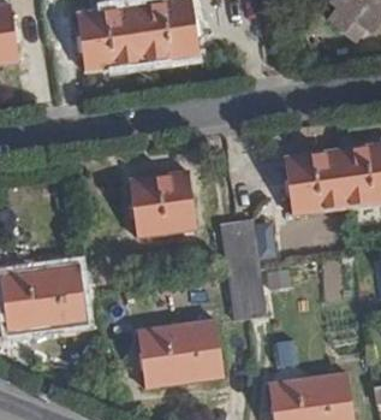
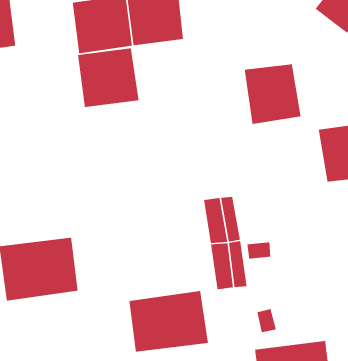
building: [287,148,349,213] -> [244,63,302,125]
building: [130,171,196,235] -> [77,48,140,108]

